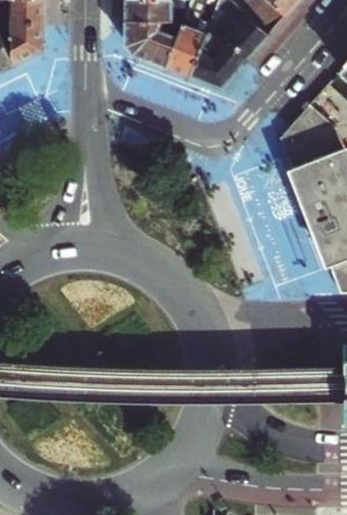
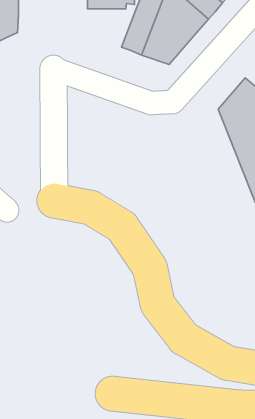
building: [122,23,180,68] -> none

